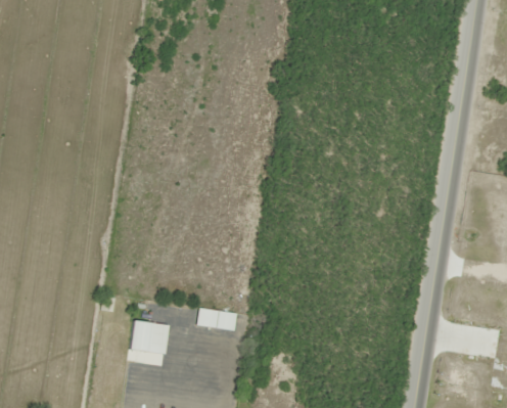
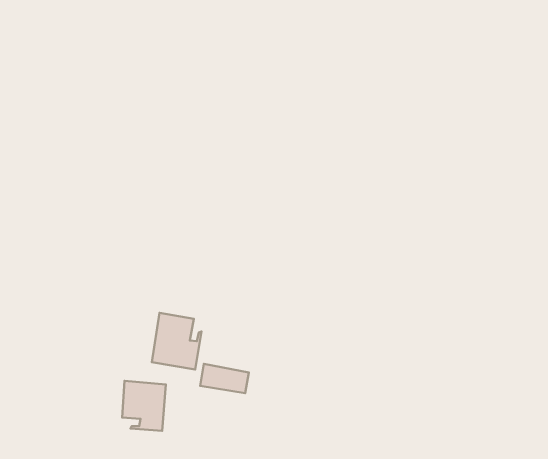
building: none -> [152,313,201,369]

